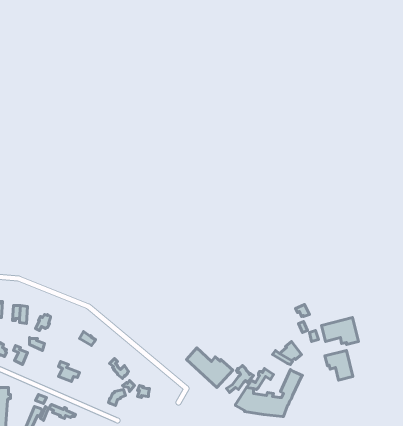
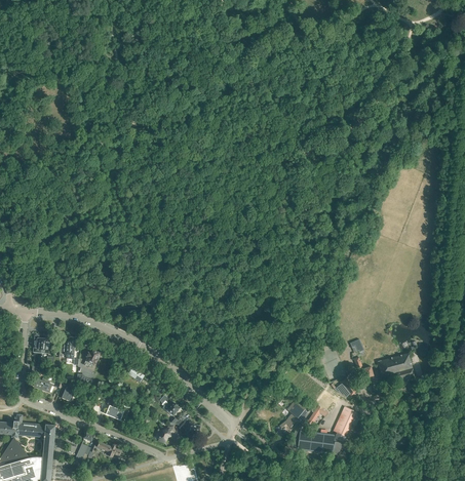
building: [186,348,233,388] -> none
building: [325,350,353,380] -> none

